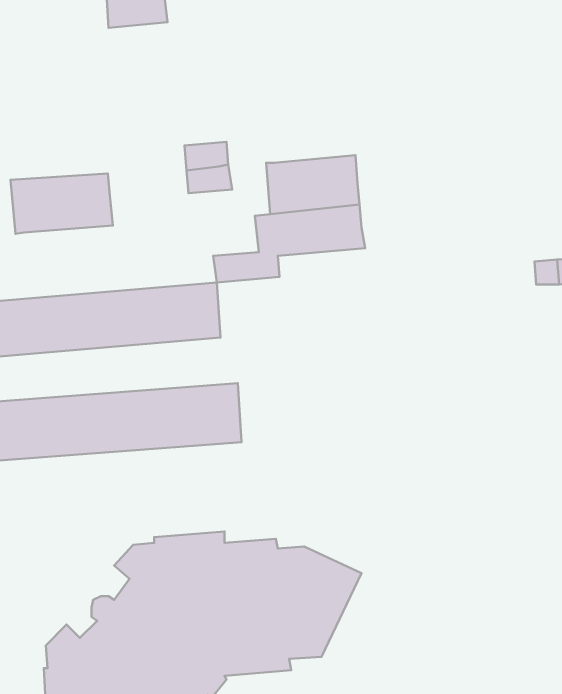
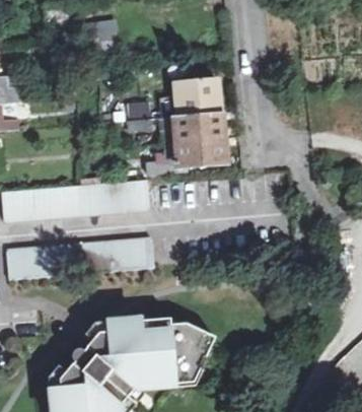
building: none -> [171,78,218,116]
building: [10,174,113,234] -> none

